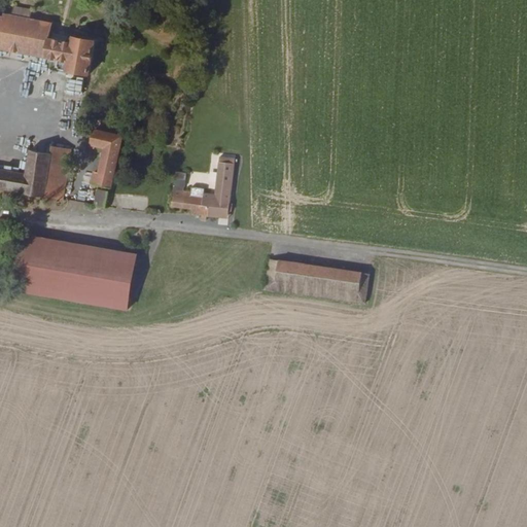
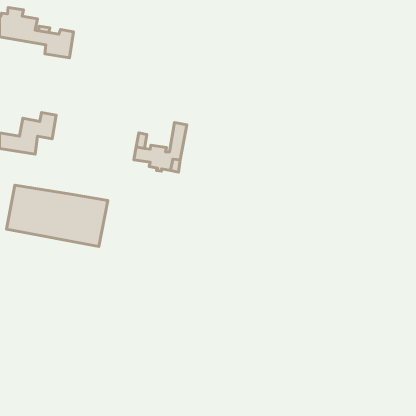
building: [91,129,120,204] -> none
building: [44,172,66,198] -> none
building: [266,260,371,307] -> none

